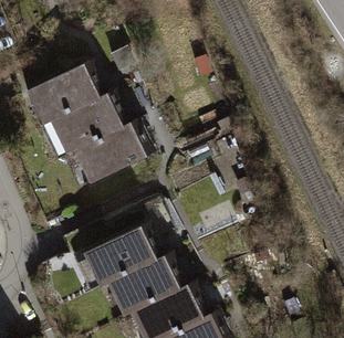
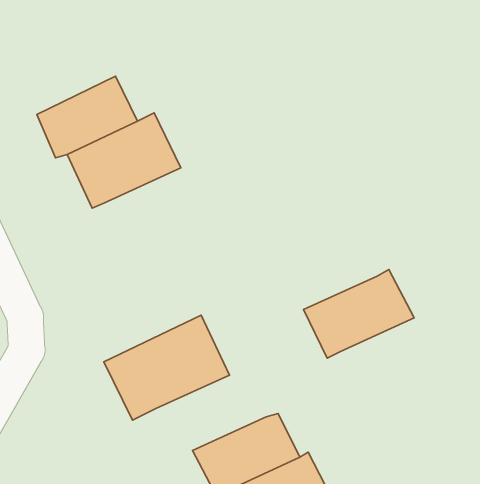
building: [73,125,146,184] -> none
building: [107,261,180,319] -> [304,269,414,358]

